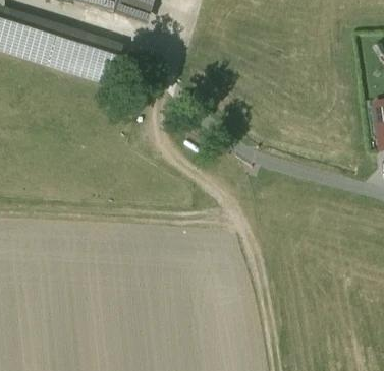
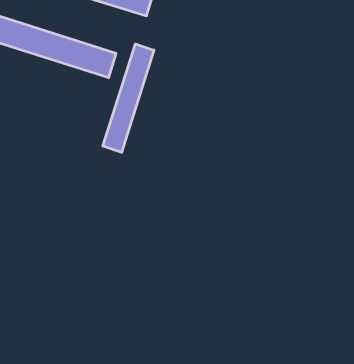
building: none -> [103,44,154,152]

